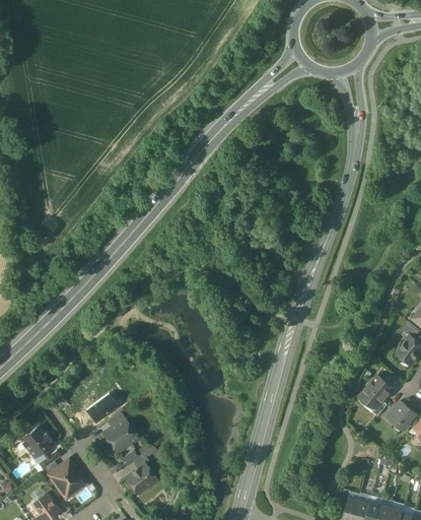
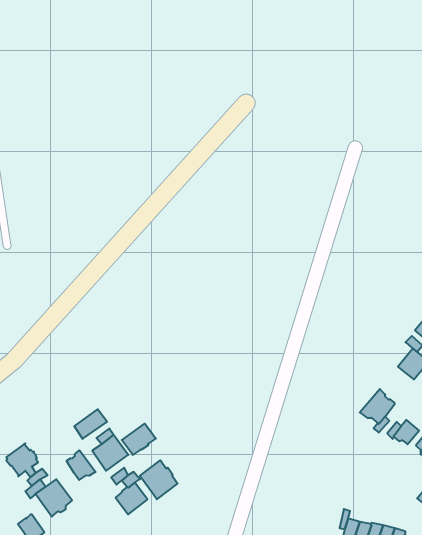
building: none -> [122,424,156,455]
building: none -> [67,450,96,480]
building: none -> [140,460,178,499]

